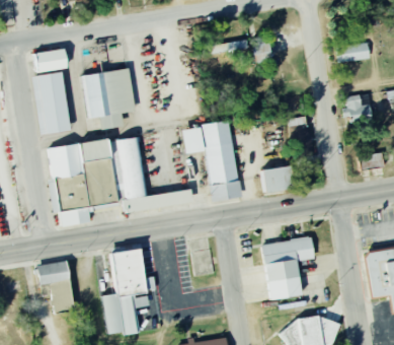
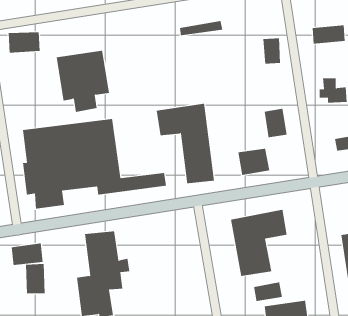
building: [252,36,270,62] -> [263,38,281,64]
building: [32,72,69,134] -> none
building: none -> [254,281,282,302]

